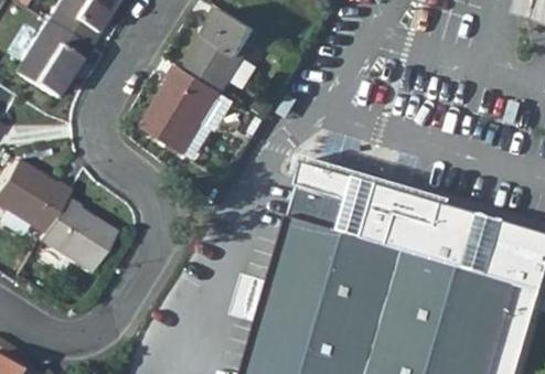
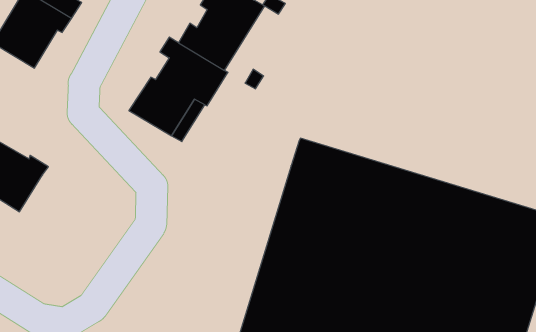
building: [35,195,117,274] -> none

